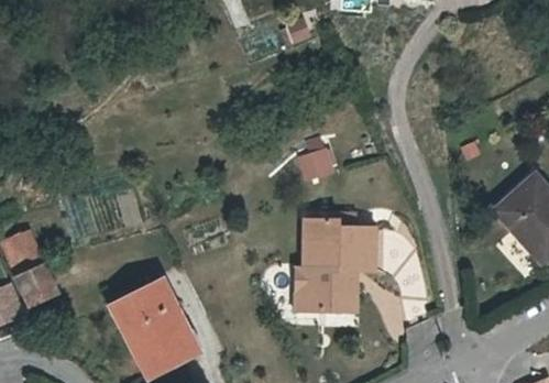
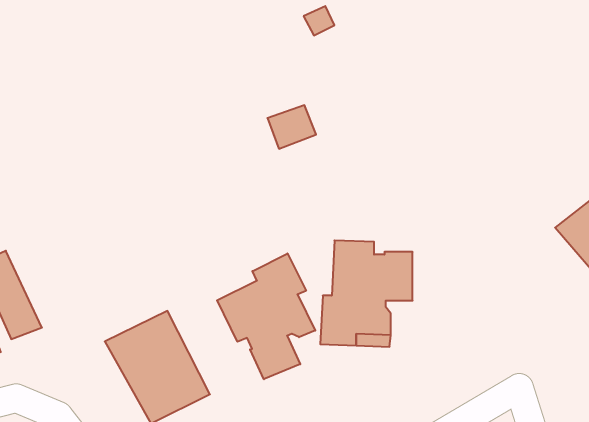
building: [295,146,337,184] -> [267,105,316,149]
building: none -> [217,253,315,379]

